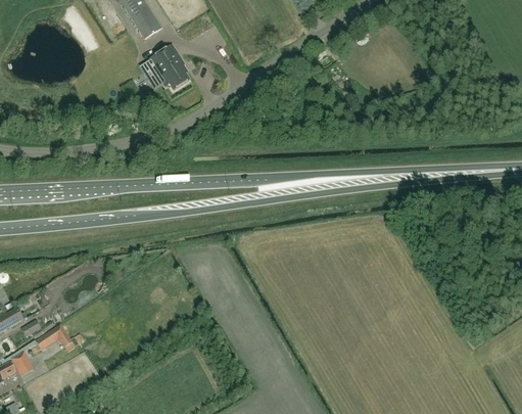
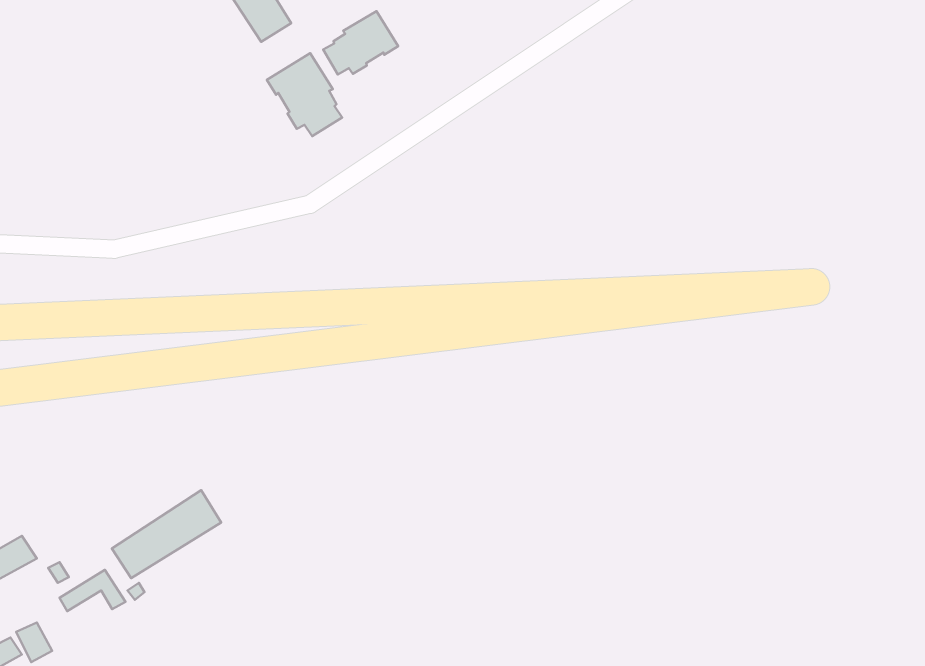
building: none -> [323,11,398,74]
building: none -> [112,490,221,578]

